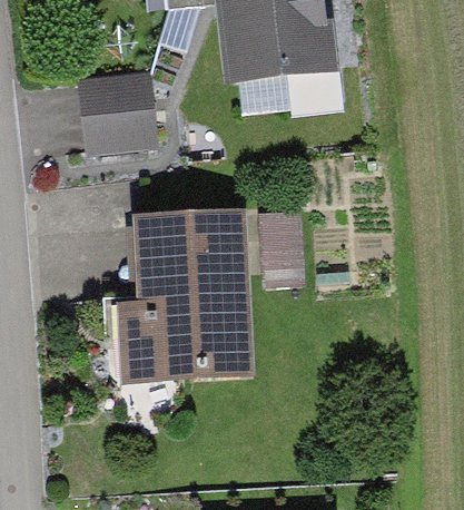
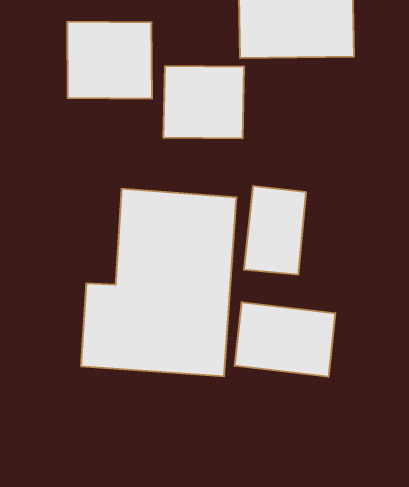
building: none -> [164,66,244,138]
building: none -> [235,302,335,377]

